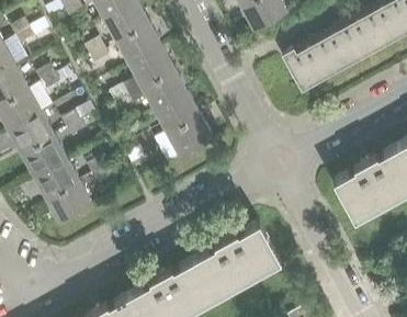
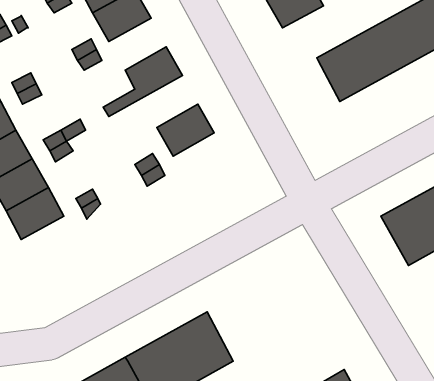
building: [116,24,162,66] -> none
building: [116,70,188,113] -> none
building: [168,116,214,158] -> none
building: [46,183,93,226] -> none
building: [195,225,282,299] -> none

